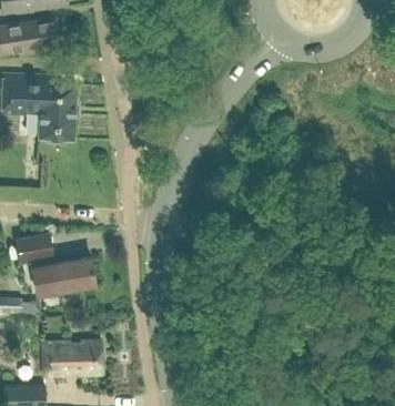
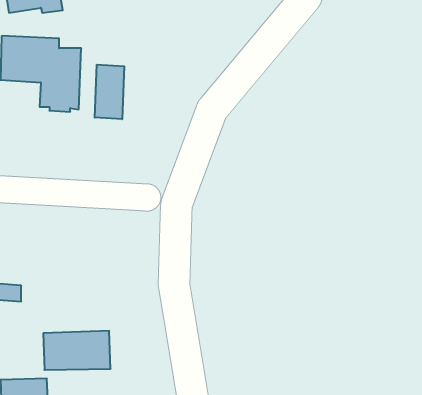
building: none -> [95,65,124,119]
building: [16,232,95,293] -> none

